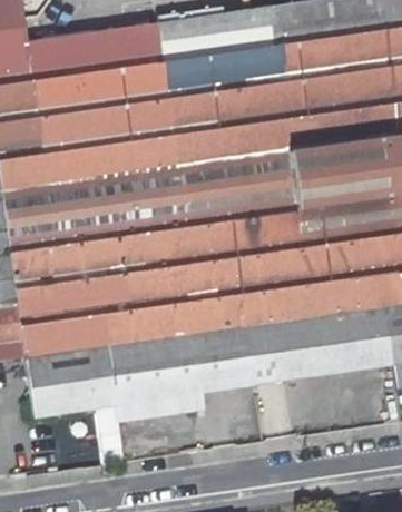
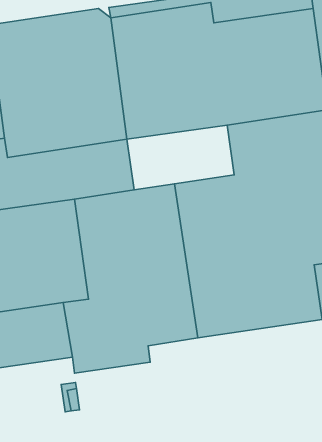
building: [179,149,297,220] -> none

